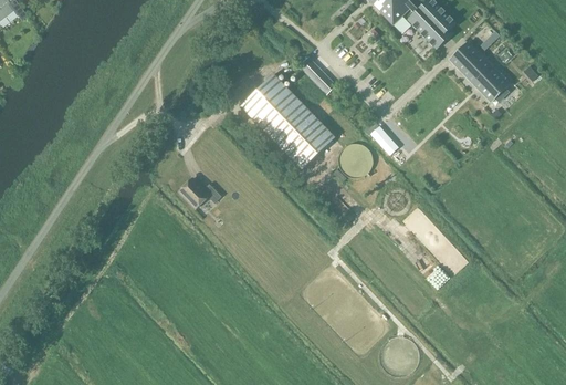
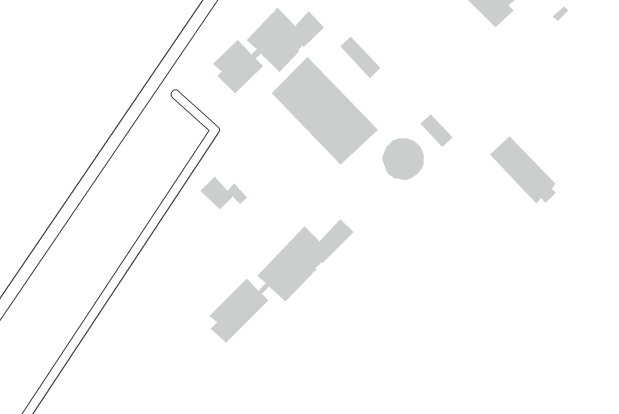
building: none -> [212,7,325,94]
building: [450,41,509,101] -> [489,136,557,204]
building: none -> [209,218,354,343]

